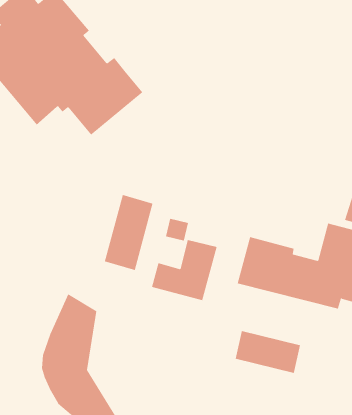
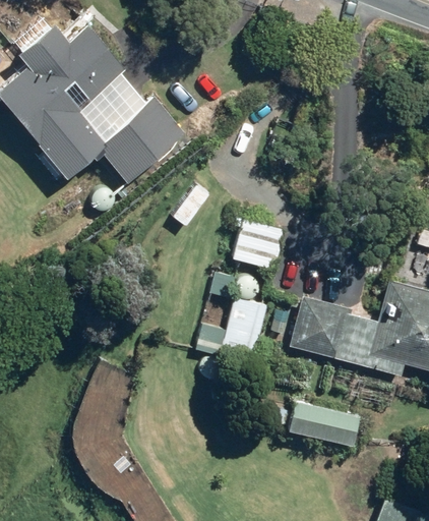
building: none -> [232,220,286,272]
building: [104,194,153,271] -> none

